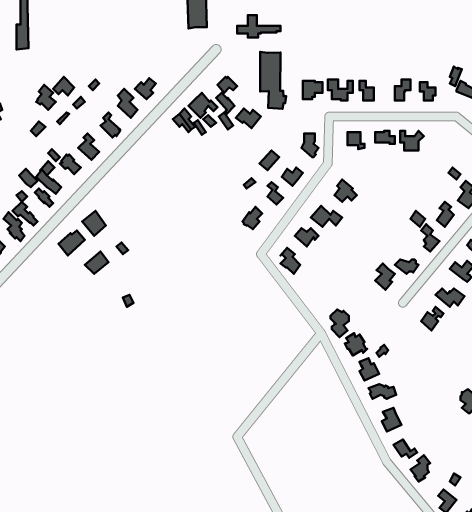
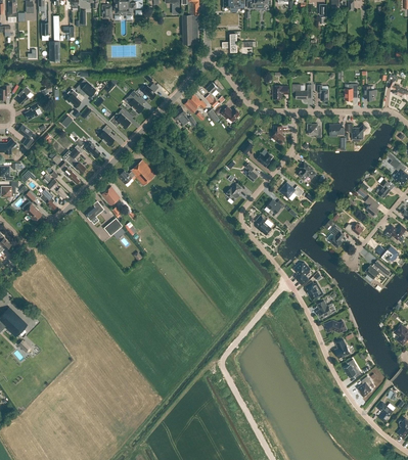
building: [260,52,286,109] -> none
building: none -> [118,159,155,186]

